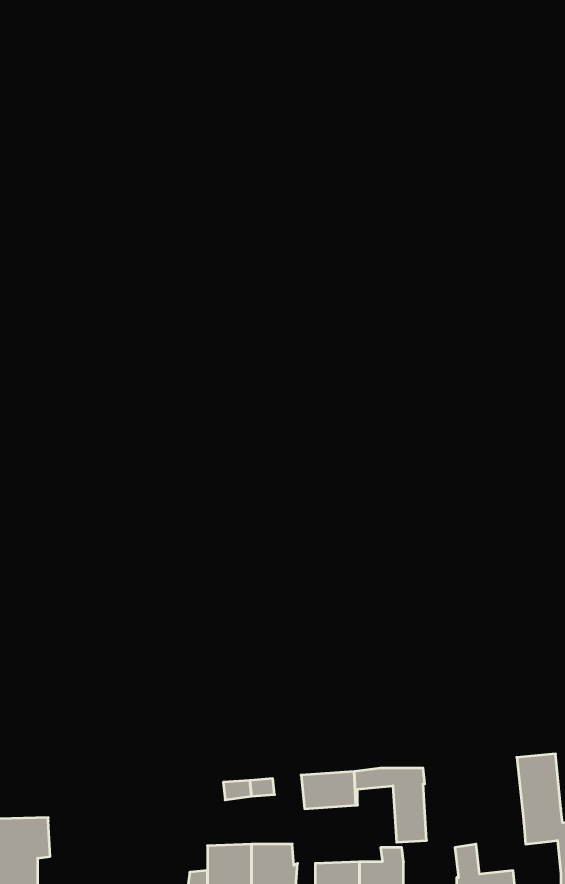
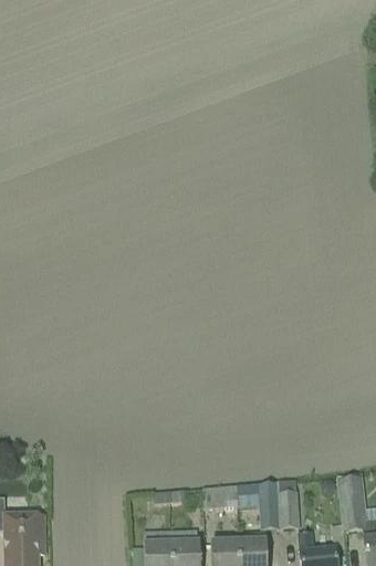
building: none -> [279,493,299,530]

